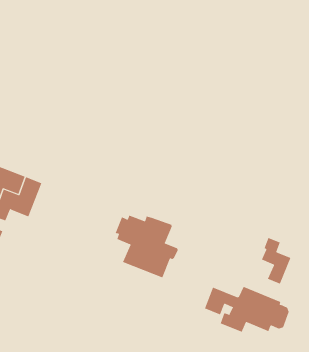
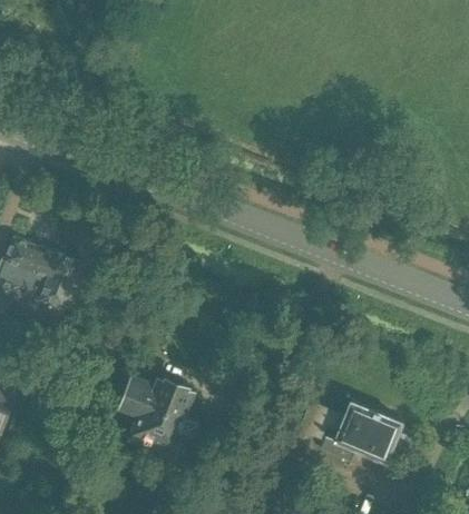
building: [115,215,179,278] -> [115,376,201,461]
building: [261,237,291,284] -> none

